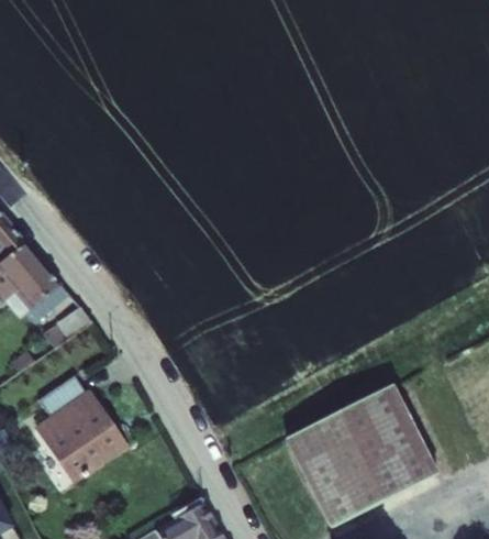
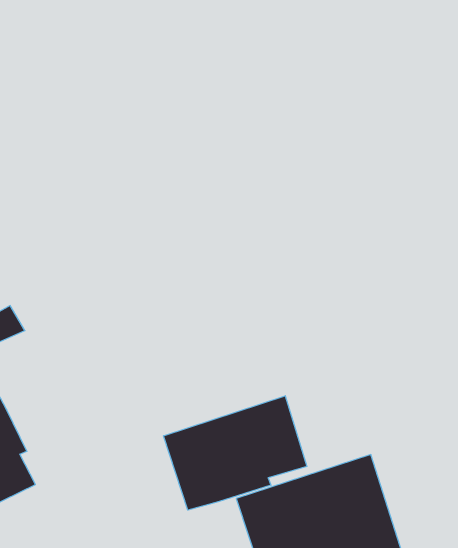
building: none -> [164,396,307,510]

